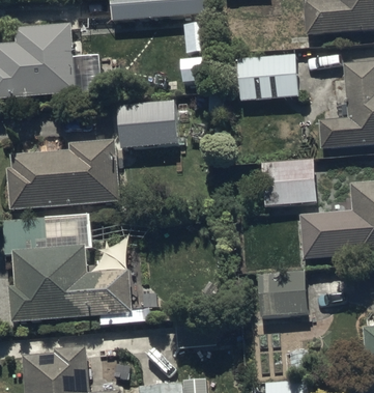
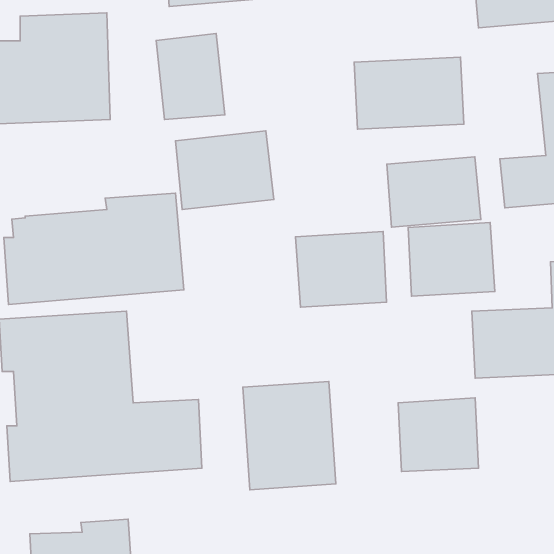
building: none -> [156,34,225,120]
building: none -> [387,157,481,227]
building: none -> [295,232,386,307]
building: none -> [243,381,336,490]

